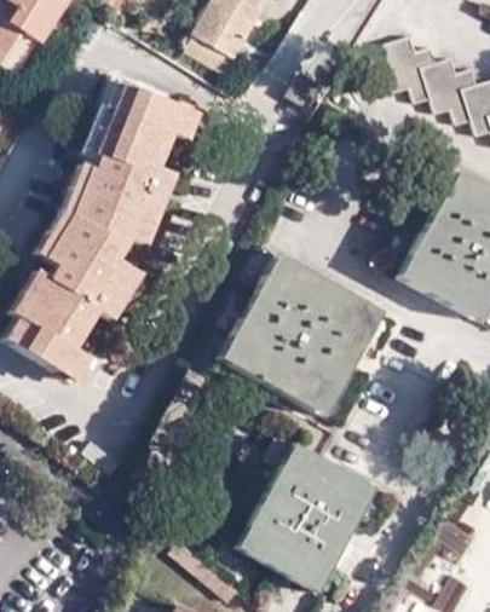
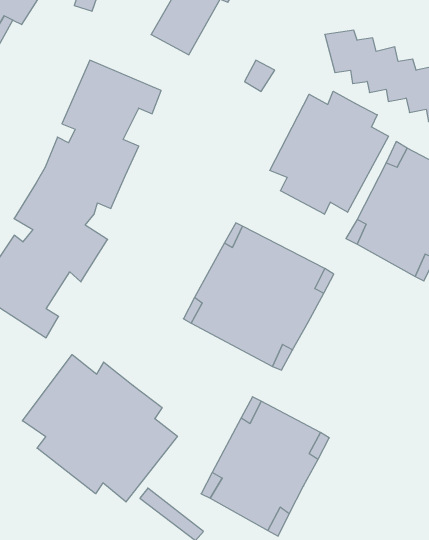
building: none -> [270,91,388,214]
building: none -> [22,355,177,502]

